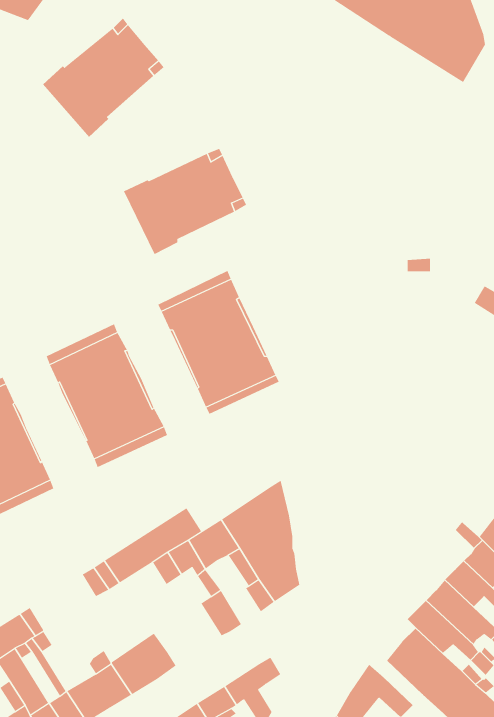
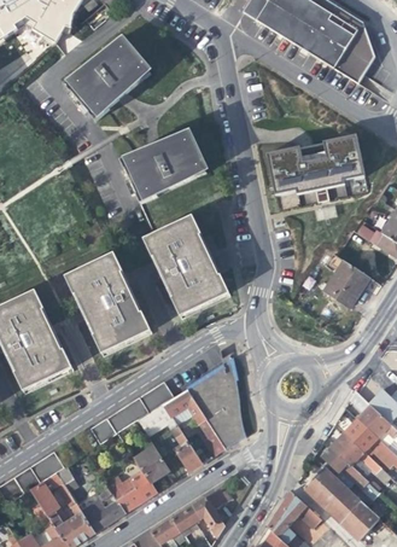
building: none -> [265,133,364,202]
building: none -> [323,254,369,307]
building: none -> [134,446,171,483]

